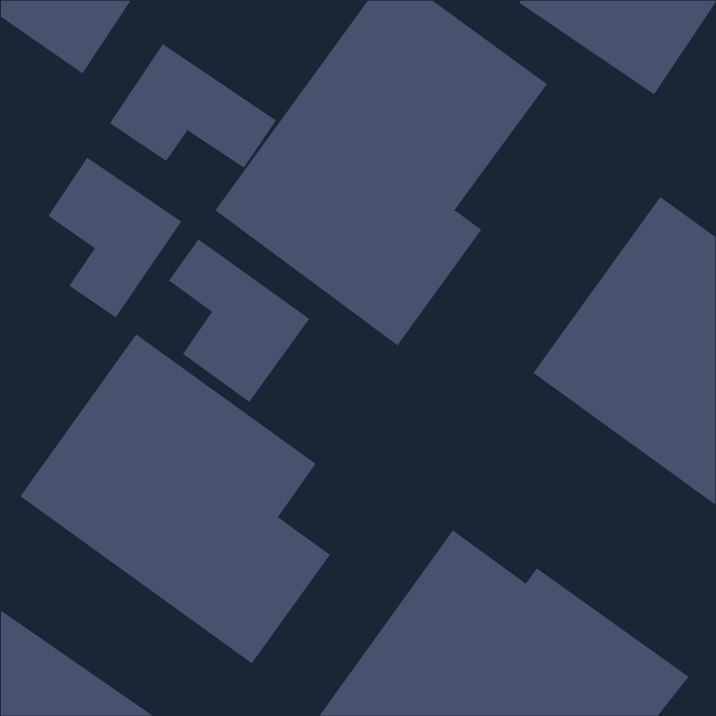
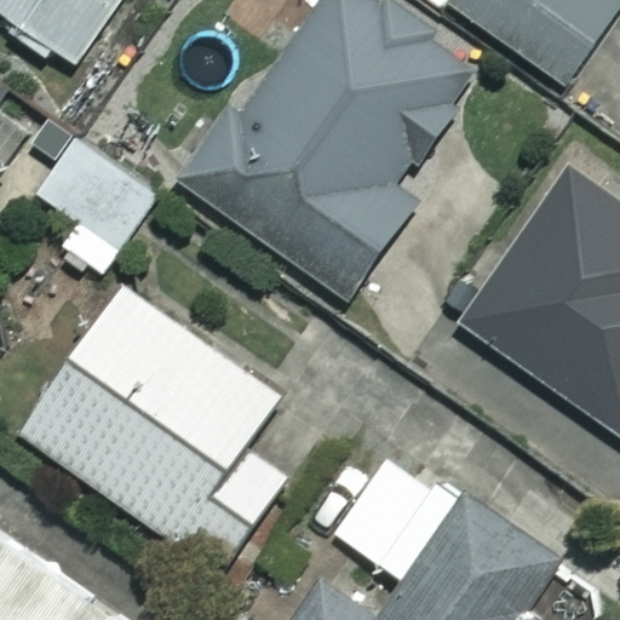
building: [109,43,277,168] -> none
building: [168,239,310,403] -> none

